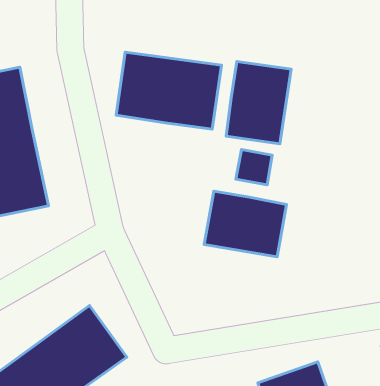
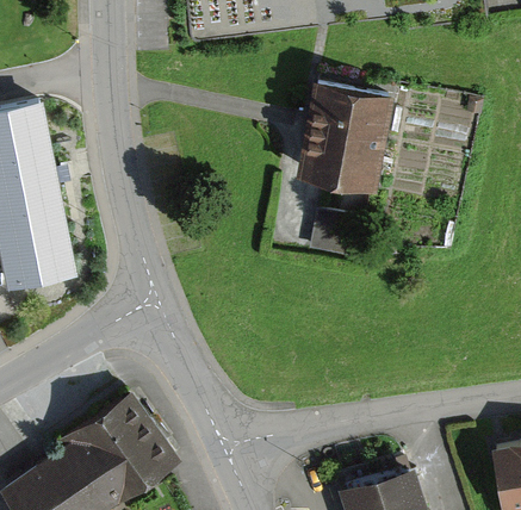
building: [116,52,222,129] -> none
building: [204,191,287,257] -> none

